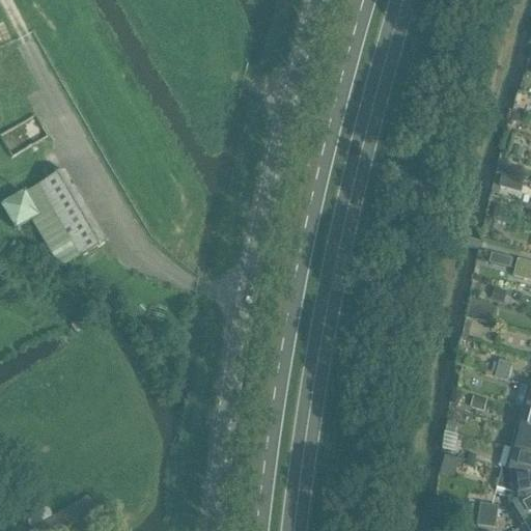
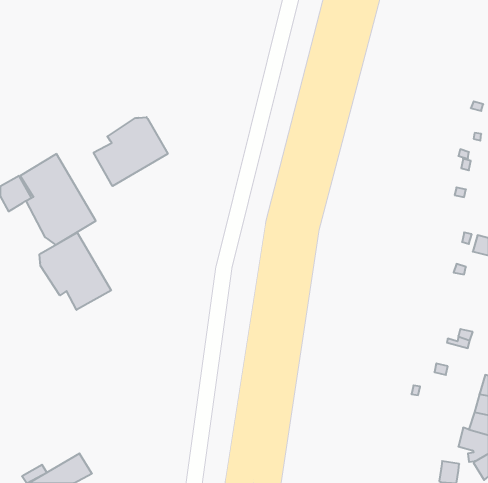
building: none -> [94,117,168,186]
building: none -> [39,233,111,310]

